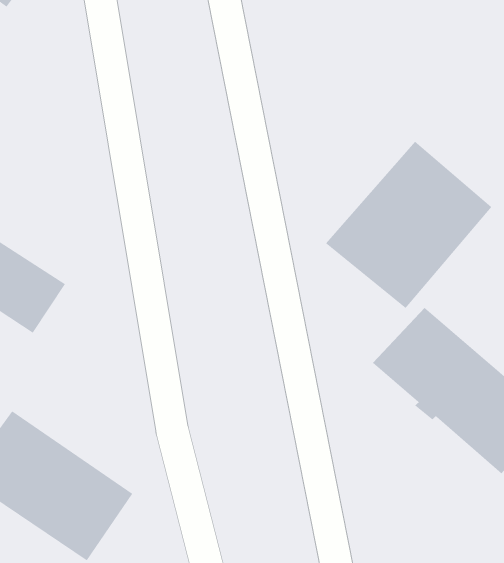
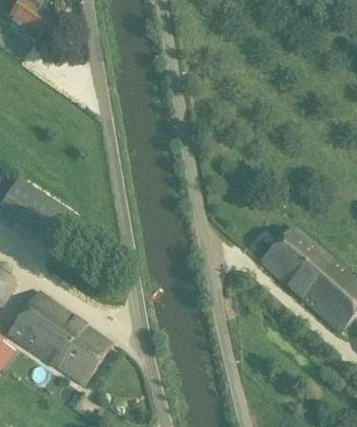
building: [325,141,492,309] -> none

